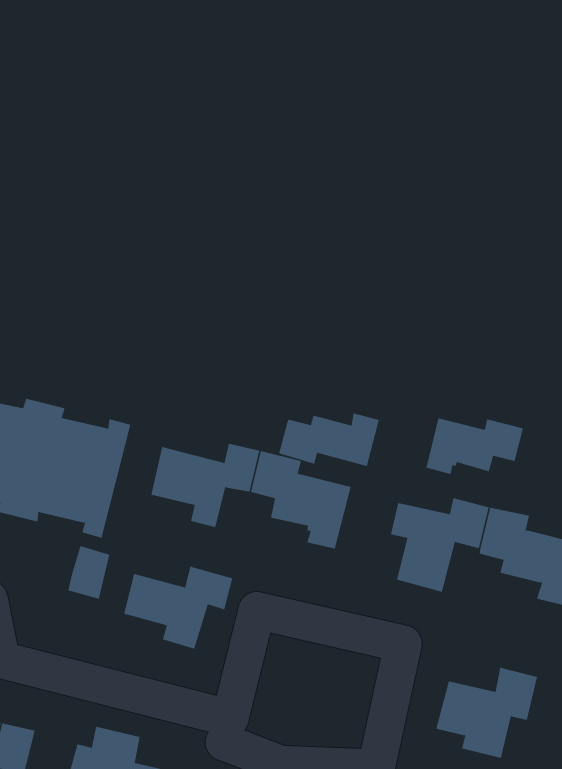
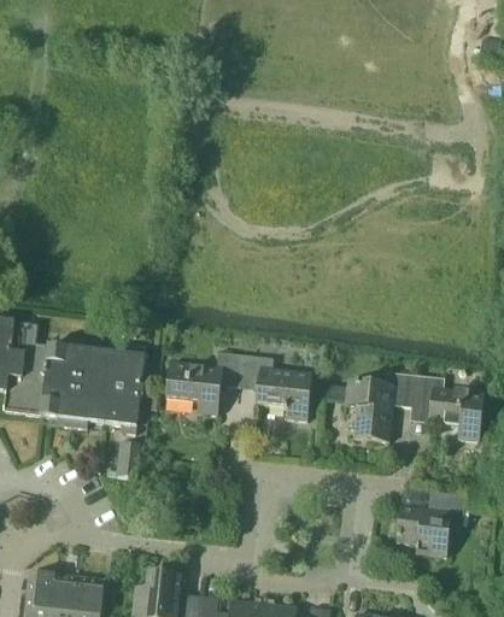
building: [278,412,379,467] -> none
building: [426,417,523,475] -> none
building: [124,566,233,649] -> none

